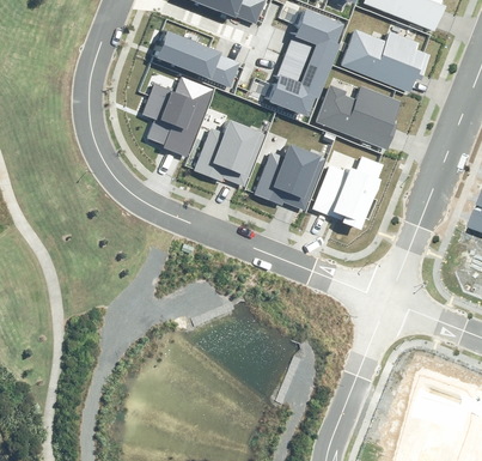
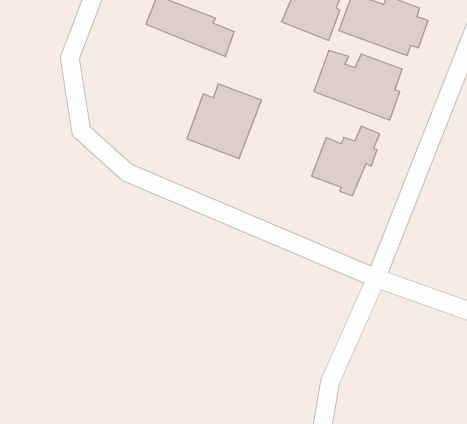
building: [271,56,330,116] -> none
building: [142,79,209,148] -> none
building: [254,142,323,210] -> none

